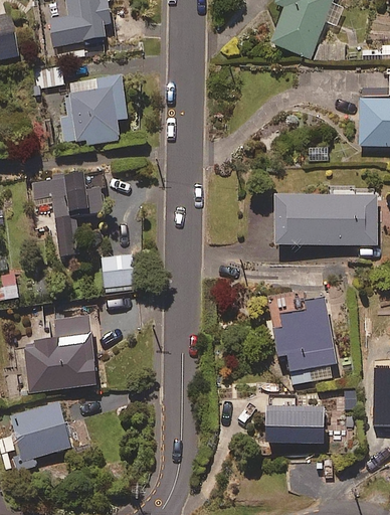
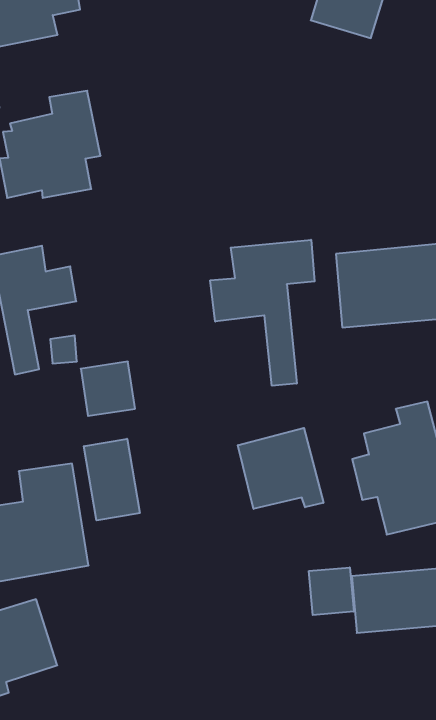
building: none -> [210,240,315,386]
building: none -> [84,439,140,520]
building: none -> [238,428,323,509]
building: none -> [309,567,354,615]

